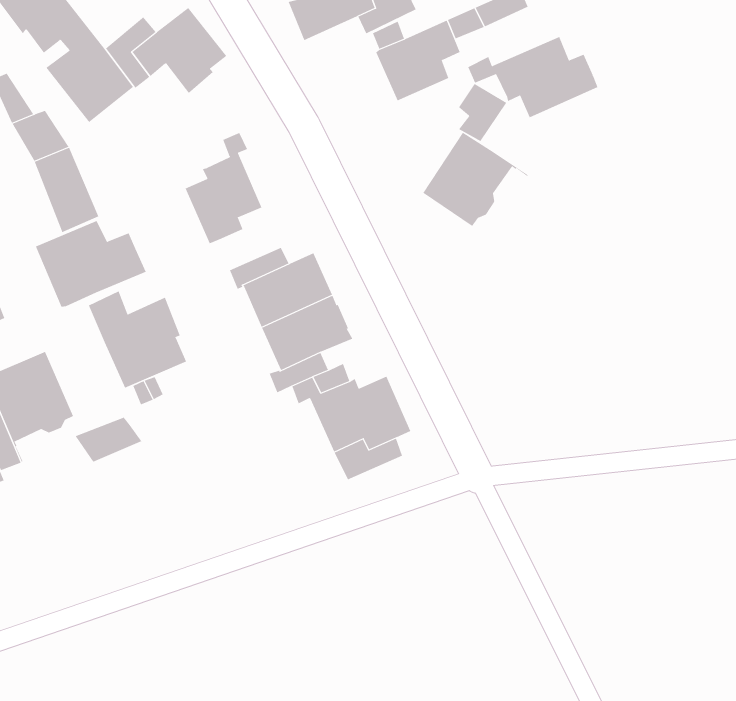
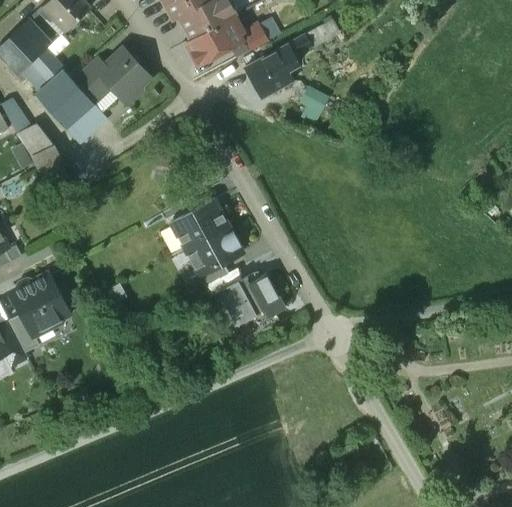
building: [467,36,598,118] -> none
building: none -> [65,102,107,141]
building: [422,132,529,227] -> none
building: [185,132,262,244] -> none
building: [35,220,147,307] -> none
building: [88,291,187,389] -> none
building: [75,417,142,462] -> none

